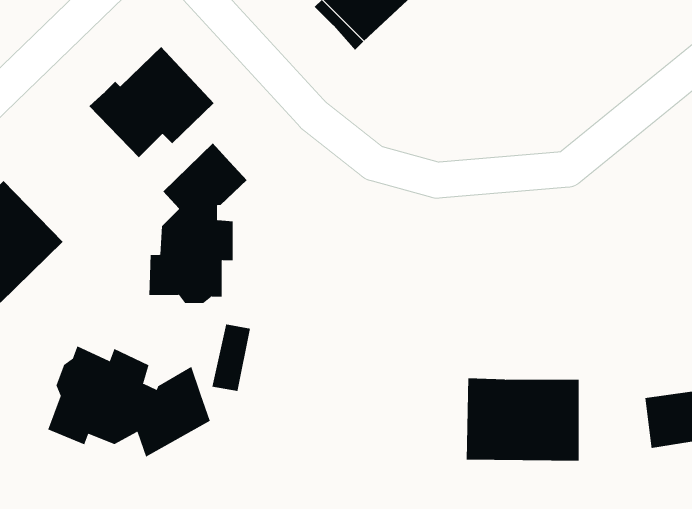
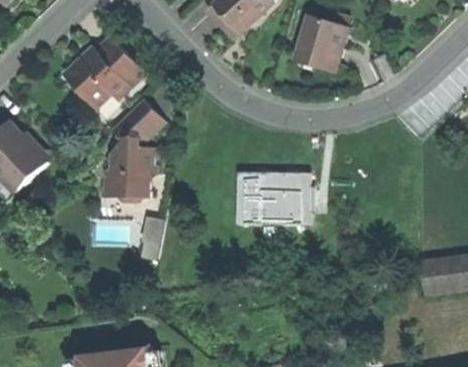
building: none -> [295,11,345,62]
building: [48,345,210,457] -> none
building: [466,378,579,461] -> [235,171,308,225]

